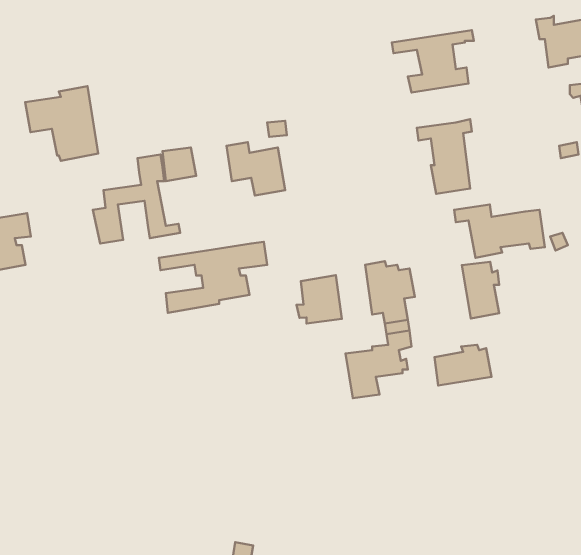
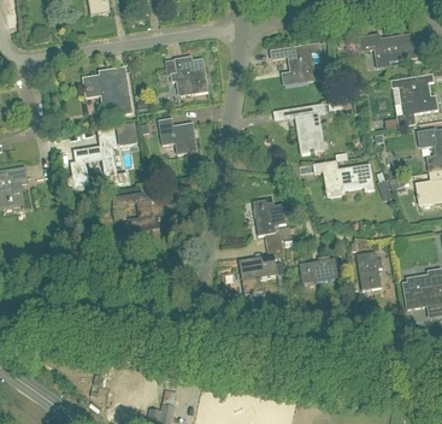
building: none -> [170,57,207,95]
building: [25,86,98,161] -> [82,66,131,117]
building: [462,262,499,319] -> [355,252,381,290]
building: [297,275,342,324] -> none

